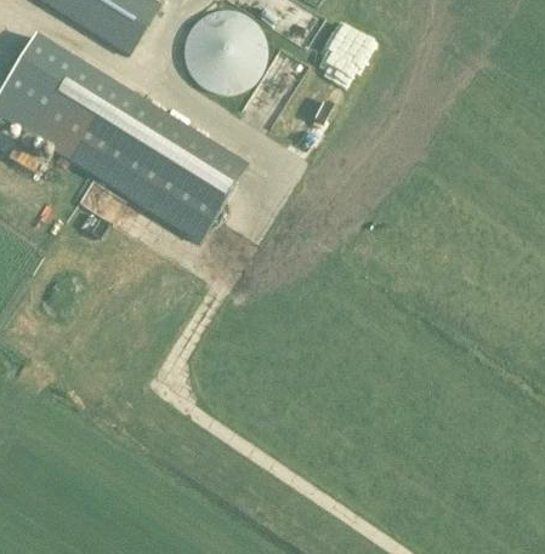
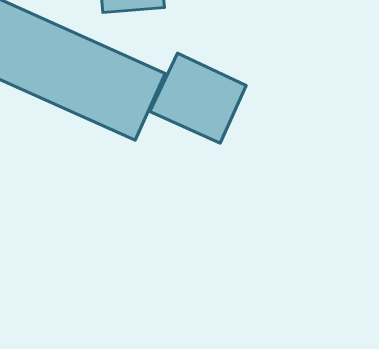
building: none -> [150,53,246,143]

